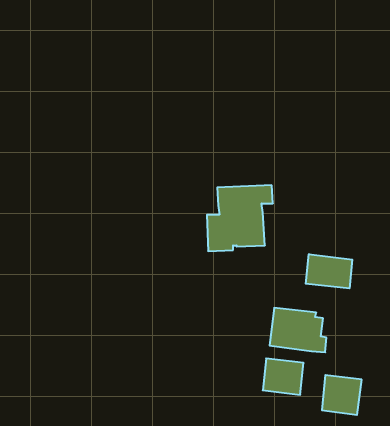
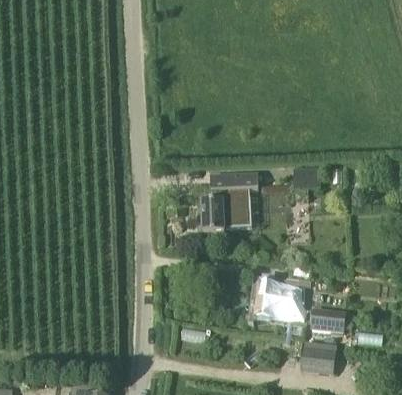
building: [306,254,352,288] -> none
building: [263,358,304,395] -> [309,308,345,340]

